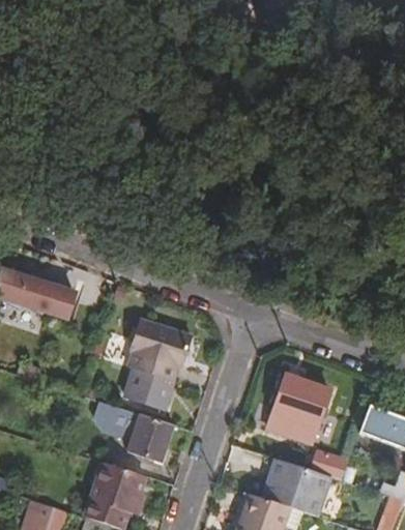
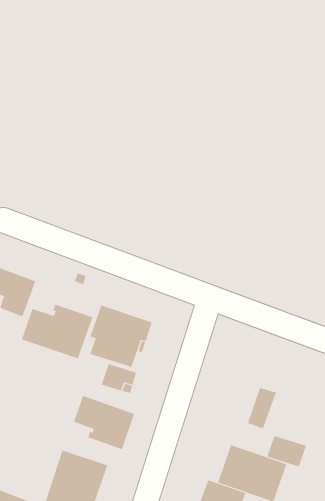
building: none -> [21,304,93,359]
building: [264,371,318,437] -> none

